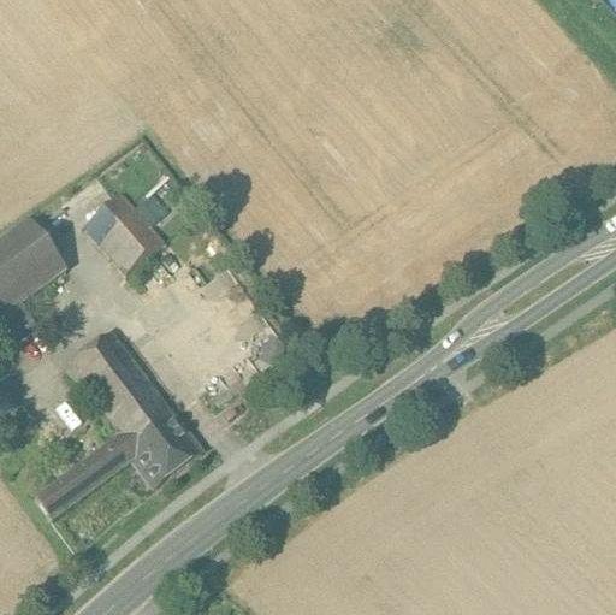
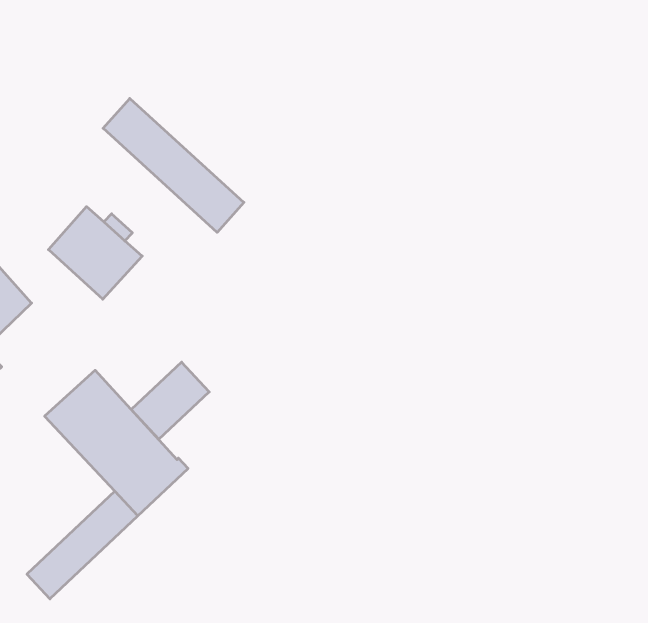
building: none -> [103,98,244,232]
building: [134,421,201,484] -> [131,362,209,439]

